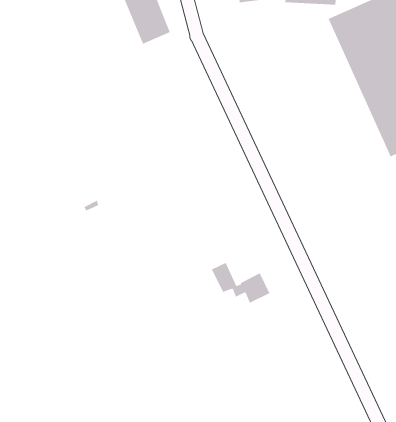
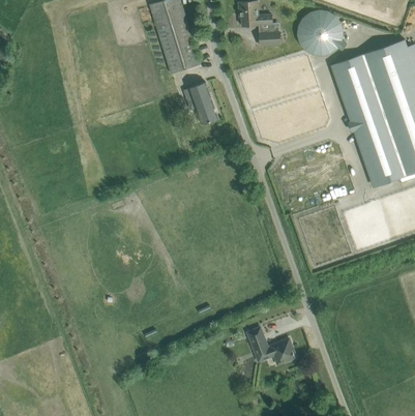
building: none -> [187,82,216,124]
building: [211,262,270,304] -> [245,327,294,364]

